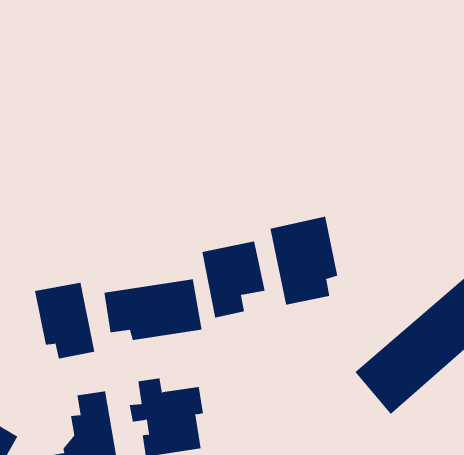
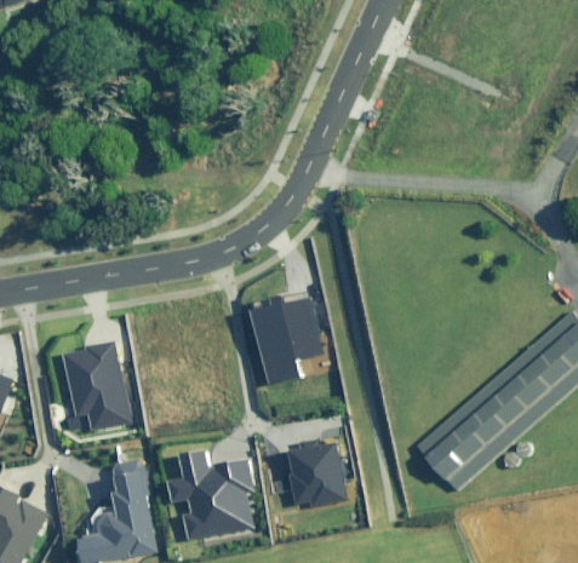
building: [270,216,338,305] -> none
building: [104,278,202,341] -> none
building: none -> [288,443,345,507]

